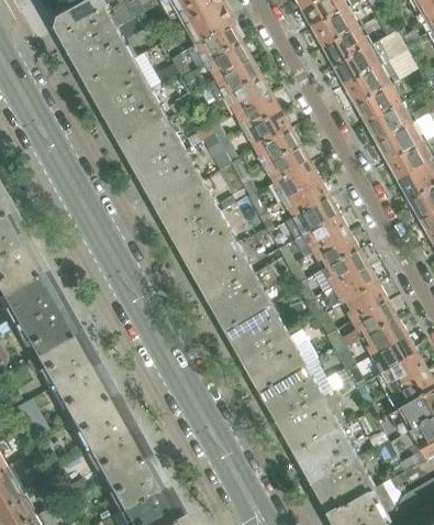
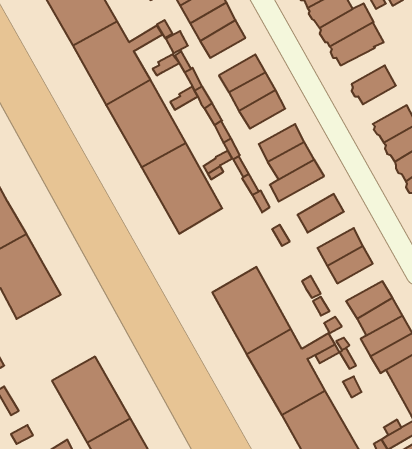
building: [226,75,271,112] -> none
building: [356,85,400,121] -> none
building: [378,122,422,161] -> none
building: [266,145,311,181] -> none
building: [294,212,349,255] -> none
building: [196,244,272,328] -> none
building: [323,248,369,284] -> none
building: [353,299,398,337] -> none
building: [25,330,112,416] -> none

